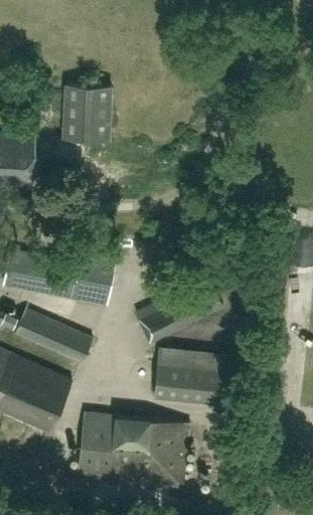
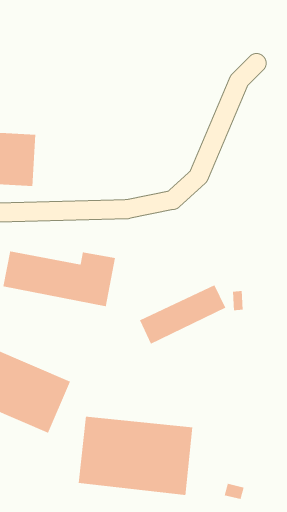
building: [64,83,113,140] -> none
building: [14,308,93,363] -> none
building: [153,346,242,404] -> none

